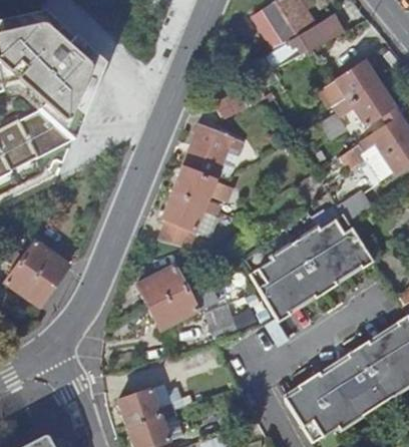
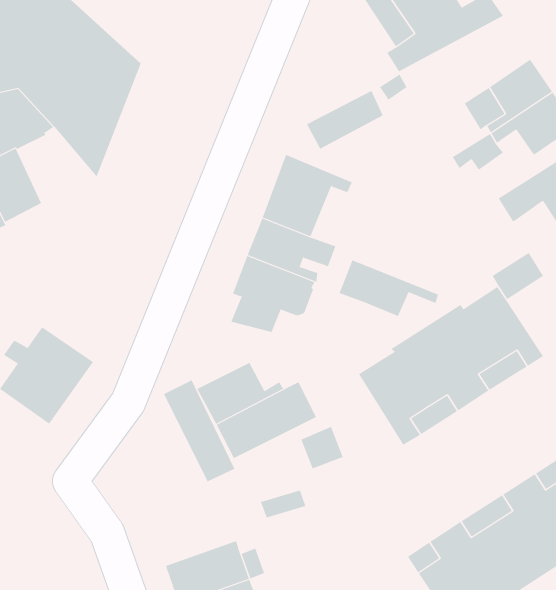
building: [17,106,71,159] -> none
building: none -> [339,259,439,317]
building: none -> [163,380,235,482]

